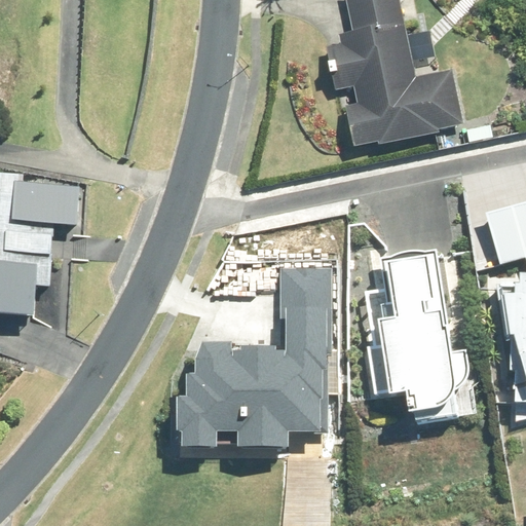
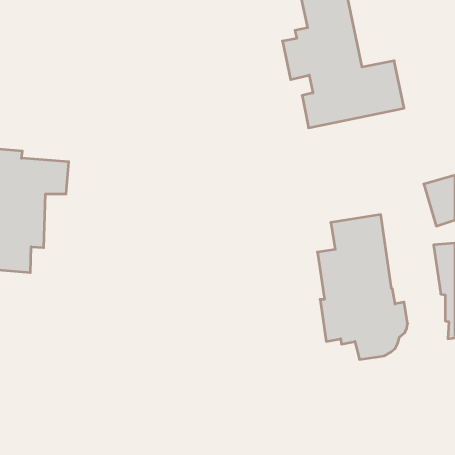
building: [174,264,333,456] -> none

